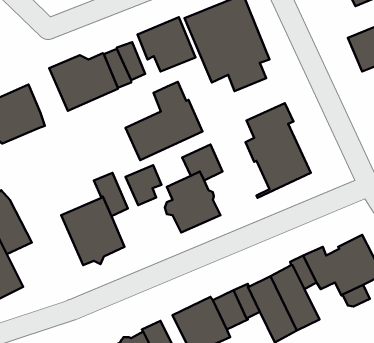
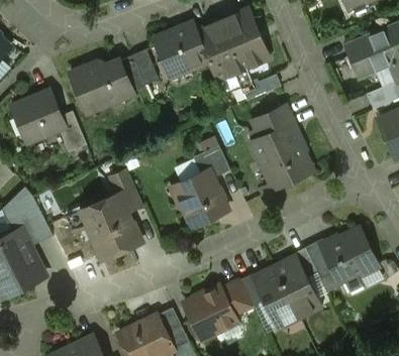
building: [125,82,202,160] -> none
building: none -> [59,111,86,151]
building: [126,165,161,205] -> none

